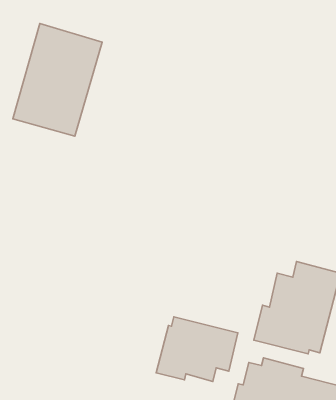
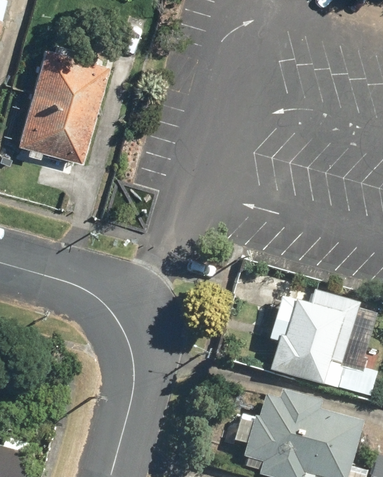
building: [156,317,238,382] -> none

